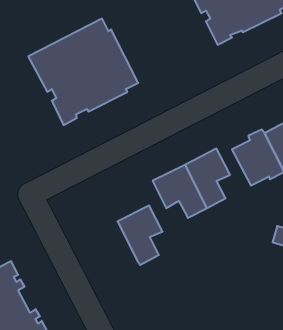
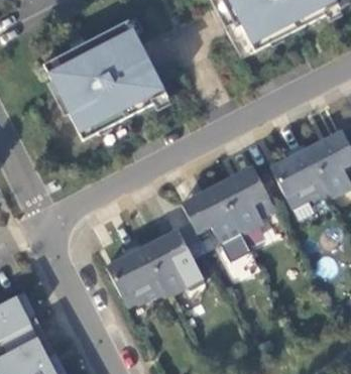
building: none -> [106,245,164,307]

